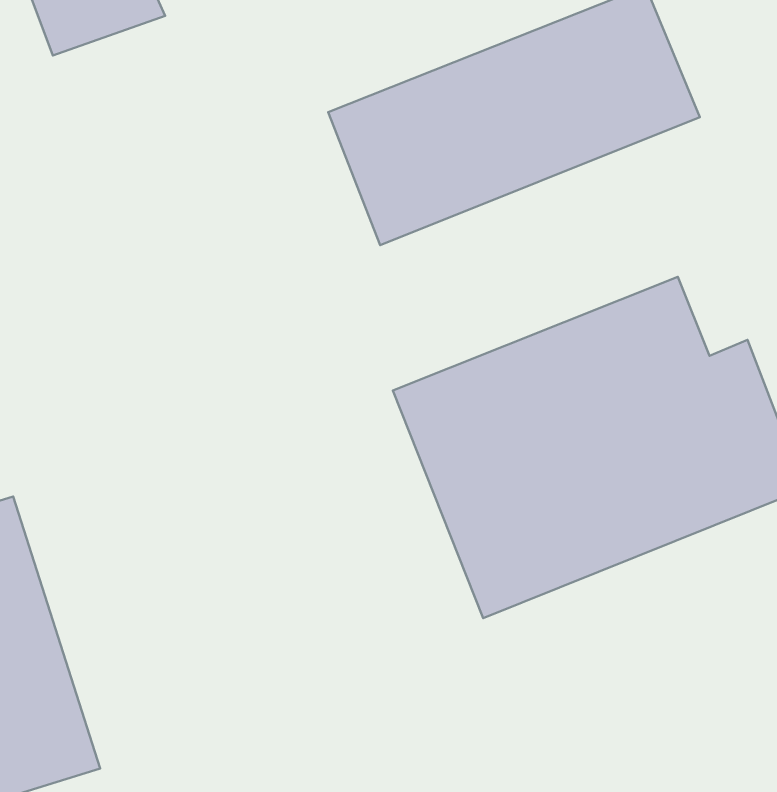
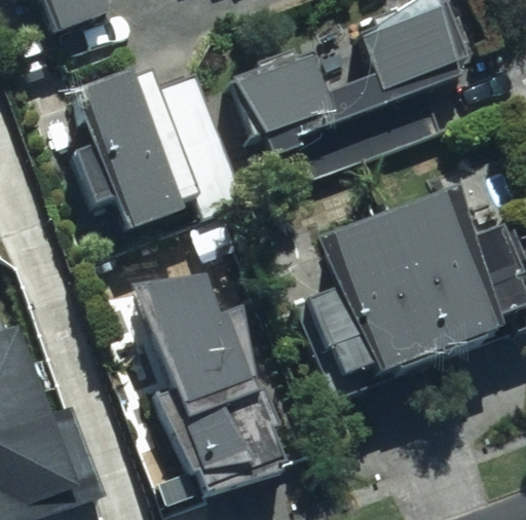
building: none -> [68,60,195,242]
building: none -> [138,257,285,494]

